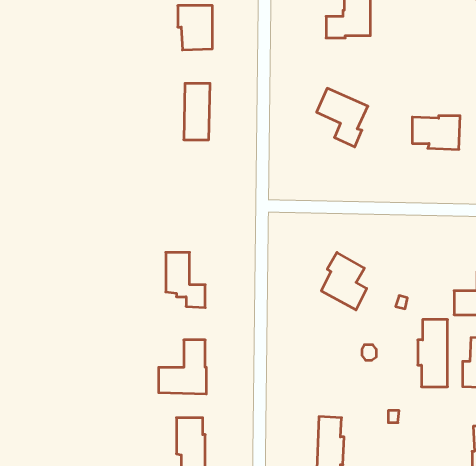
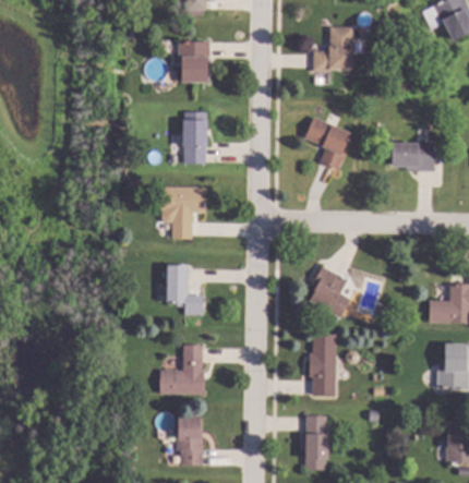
building: none -> [170,188,206,240]
building: [418,320,448,387] -> [309,335,336,396]

